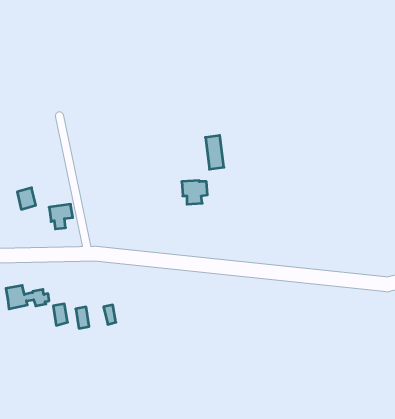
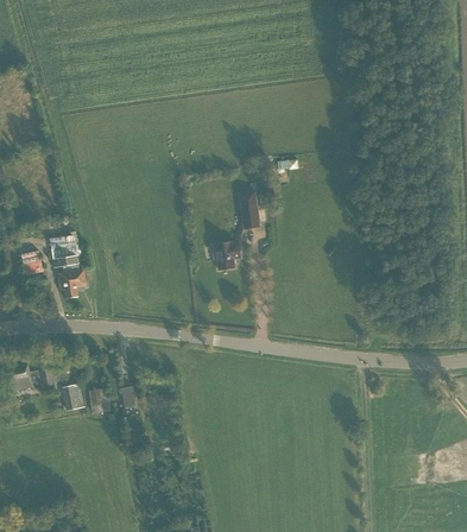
building: none -> [51,238,81,267]

